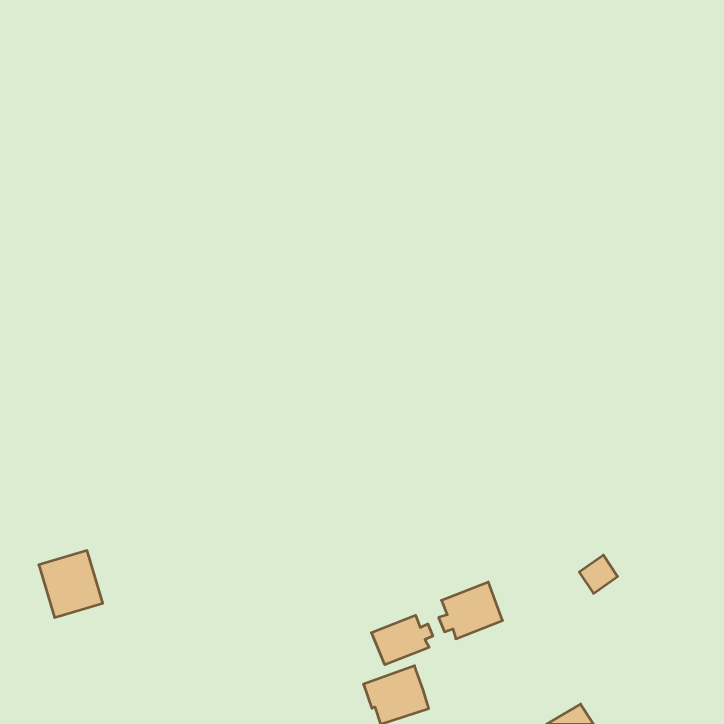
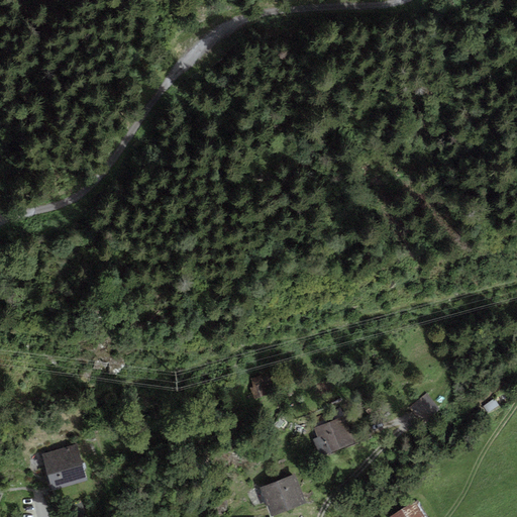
building: [39,551,103,617] -> [40,443,86,491]
building: [371,615,433,665] -> none

